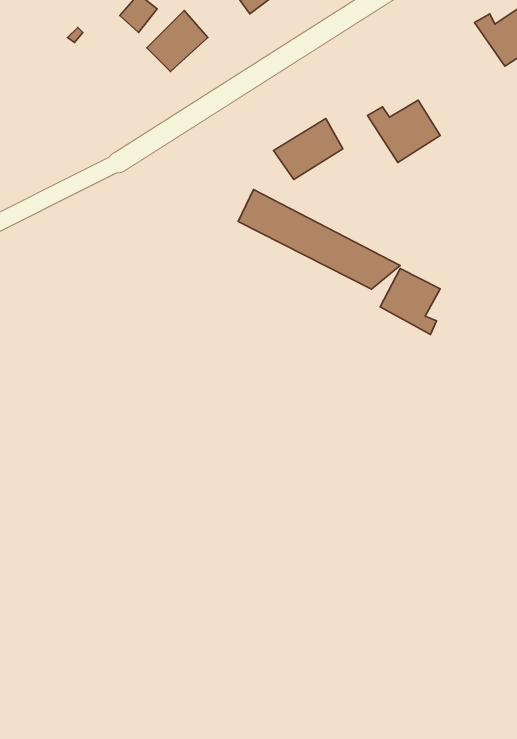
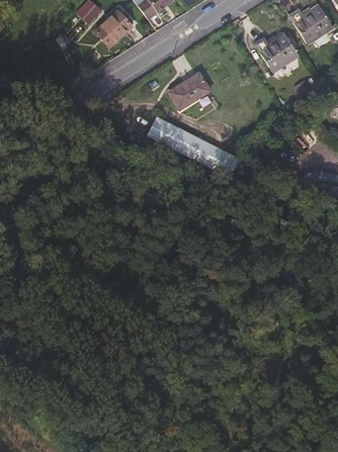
building: [367,100,440,163] -> [255,34,299,72]
building: [380,269,440,335] -> none

